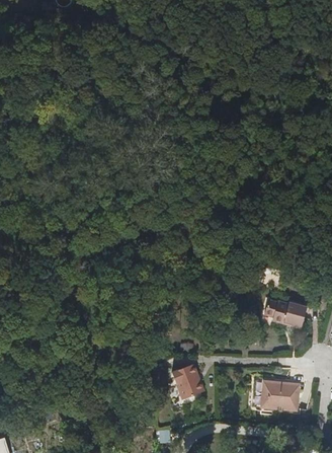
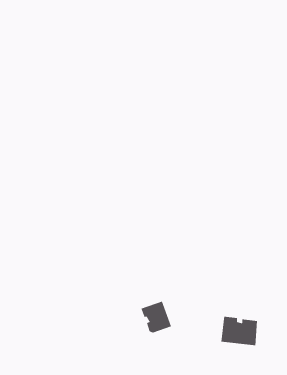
building: [264,297,307,328] -> none

